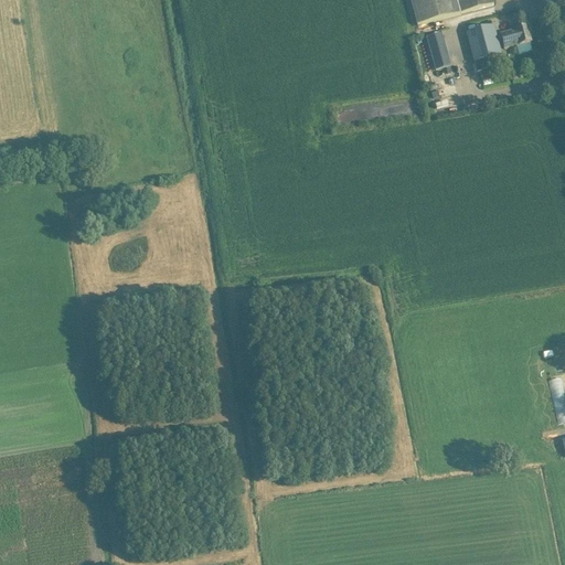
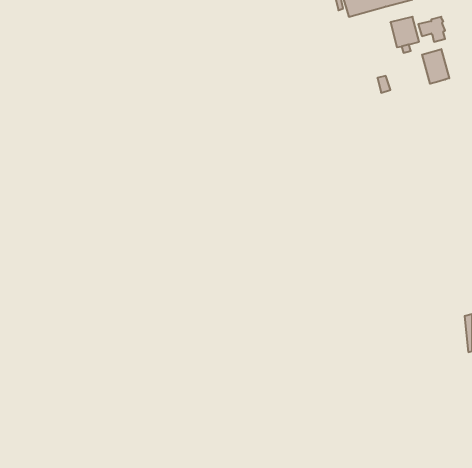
building: [428,31,454,67] -> none
building: none -> [422,49,449,84]

